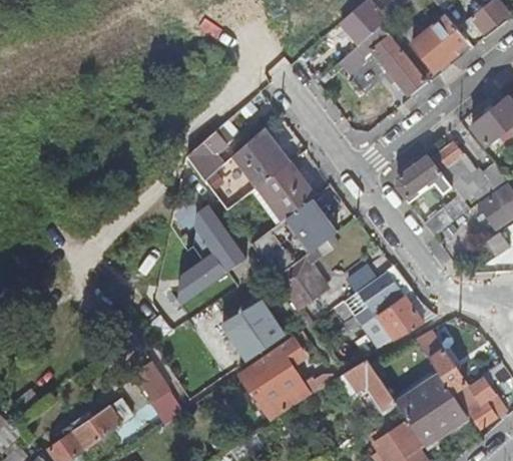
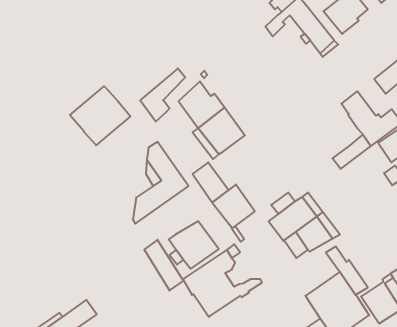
building: none -> [70,86,130,145]
building: [397,155,454,206] -> none
building: [289,198,338,251] -> none
building: [345,360,396,411] -> none
building: [135,361,183,423] -> [144,240,184,291]

